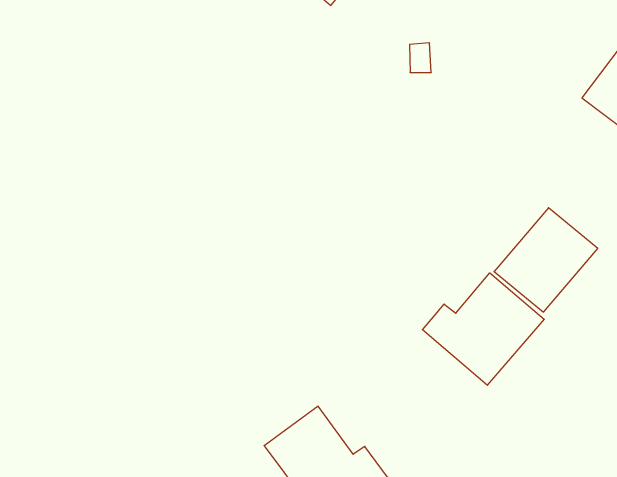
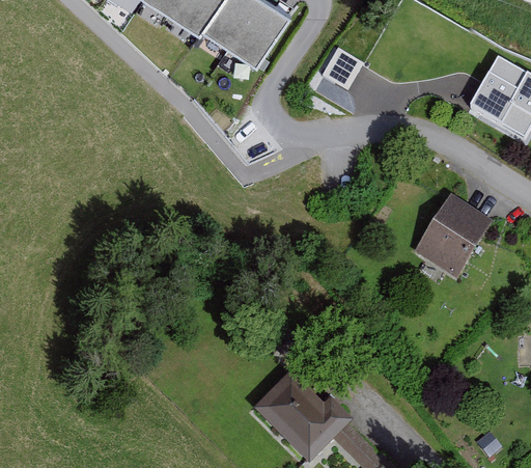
building: [422,273,544,385] -> none

